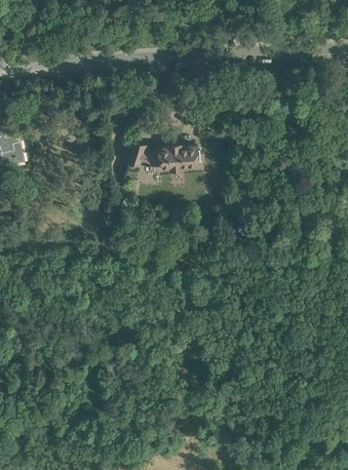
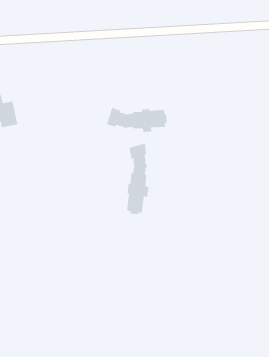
building: none -> [126,143,149,215]

